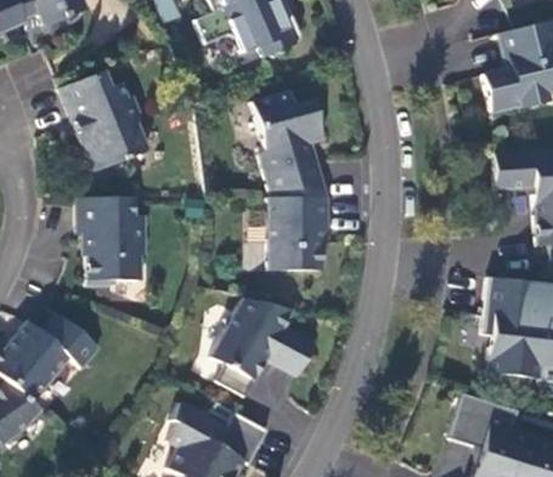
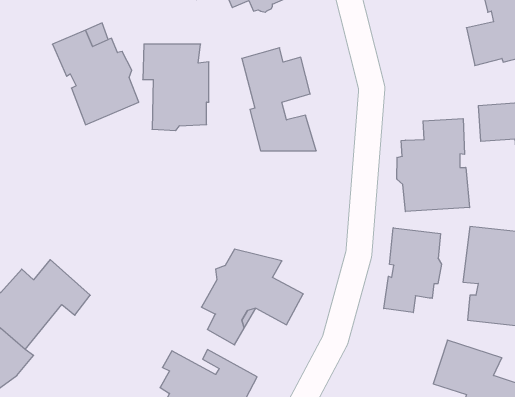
building: none -> [397,119,470,212]
building: [73,198,141,286] -> [143,44,209,131]
building: [267,199,328,273] -> none
building: none -> [384,228,442,313]

